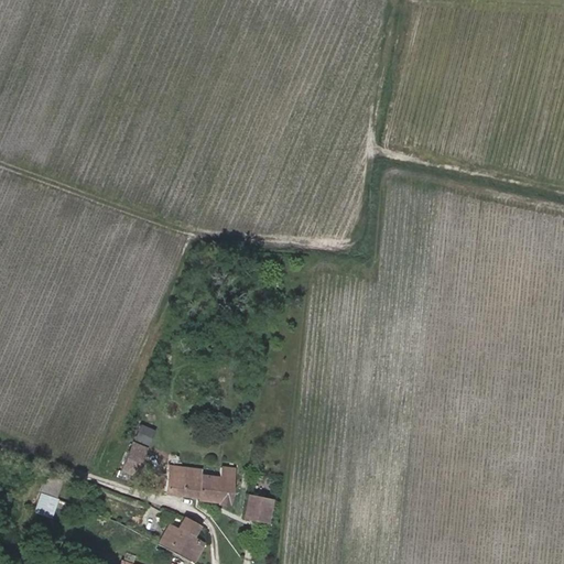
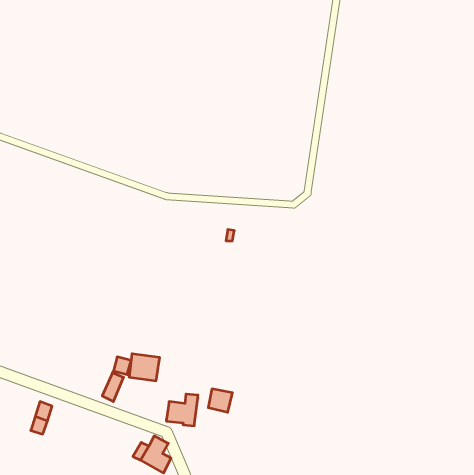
building: [166,465,203,497] -> [129,354,160,381]
building: [243,495,272,522] -> [208,389,232,412]

